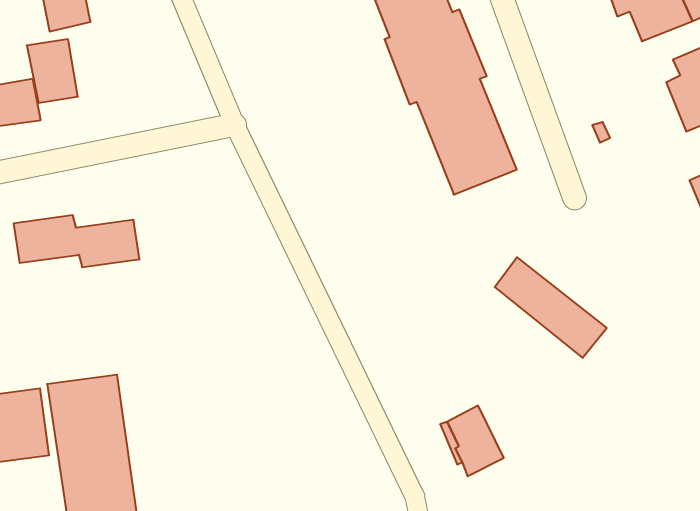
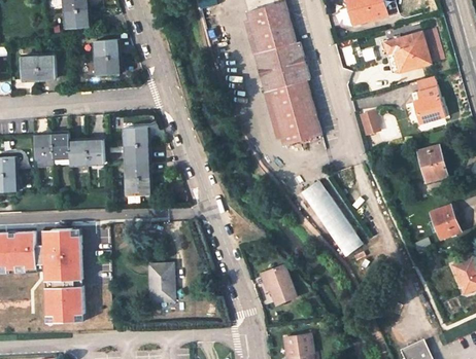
building: [27,39,78,103] -> [94,40,120,74]
building: none -> [124,127,149,194]
building: none -> [148,263,172,303]

